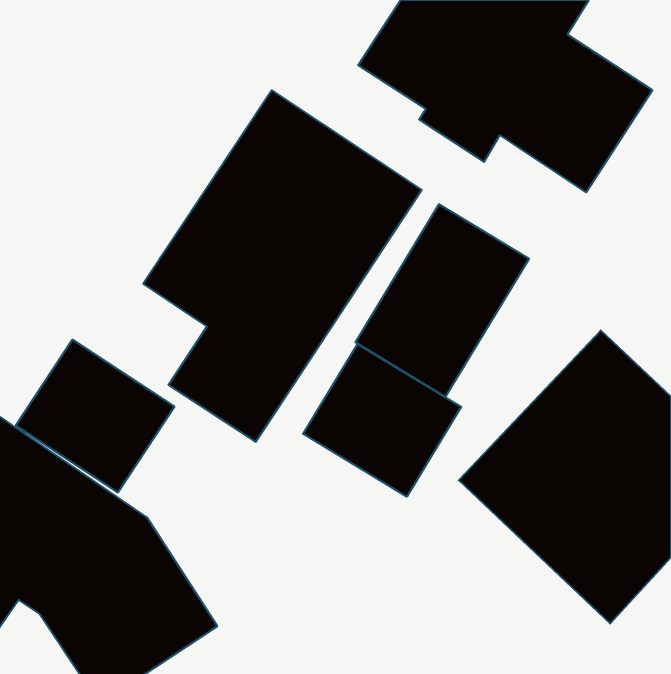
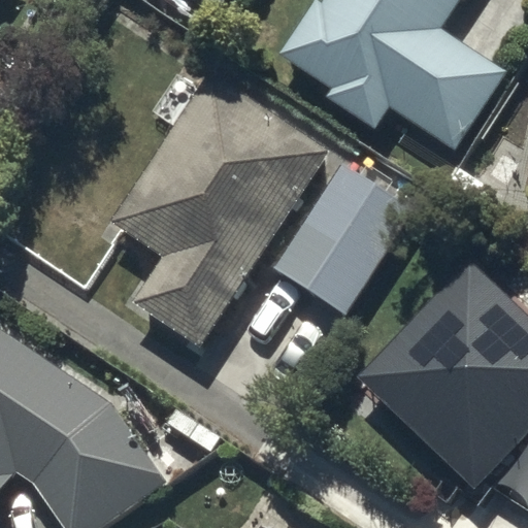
building: [16,340,174,493] -> none
building: [303,344,461,497] -> none

